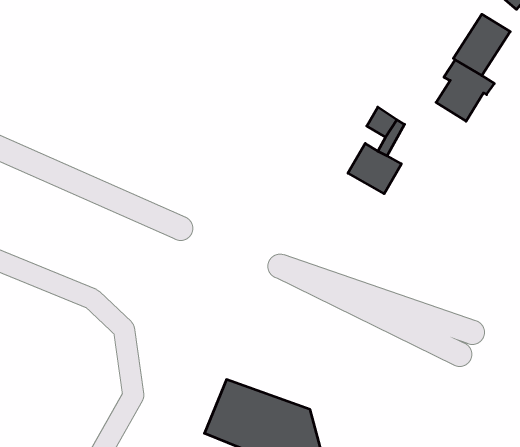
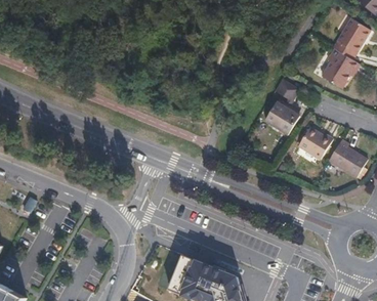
building: none -> [297,127,332,159]
building: none -> [327,138,366,176]

